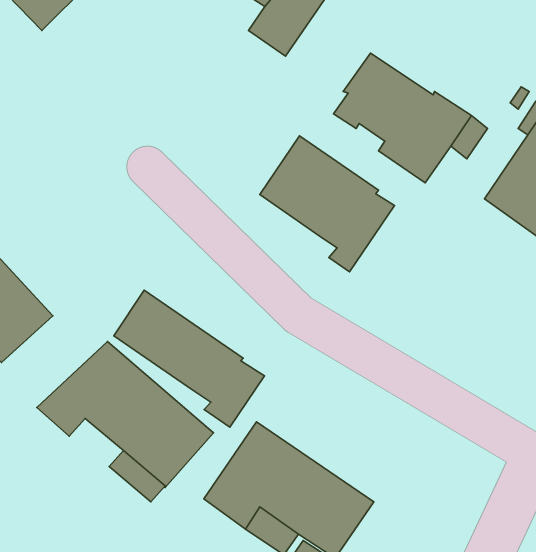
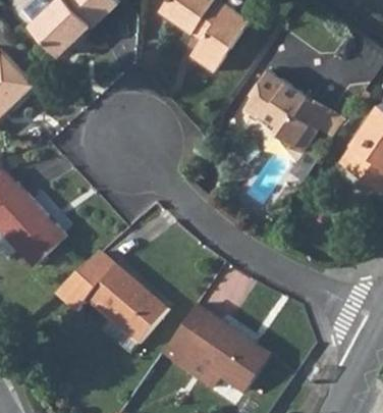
building: [260,136,395,272] -> none
building: [114,290,264,427] -> none

